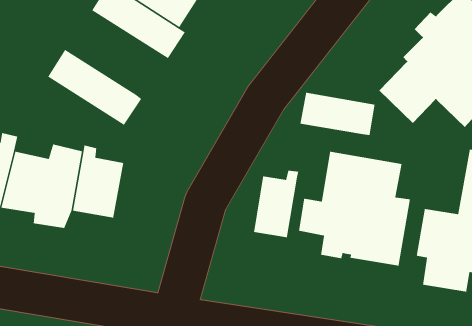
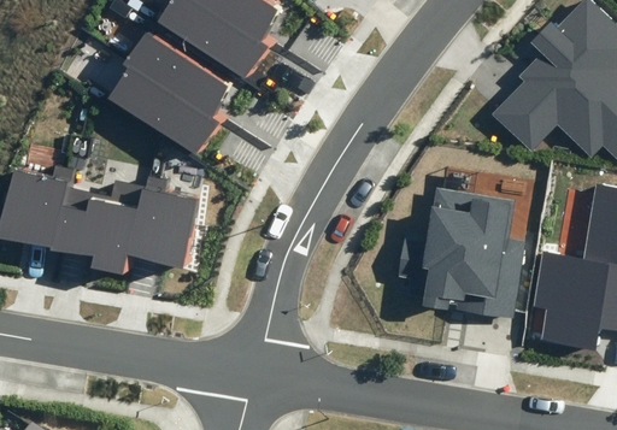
building: none -> [124,30,233,119]
building: [300,92,376,136] -> none
building: [253,170,299,238] -> none

